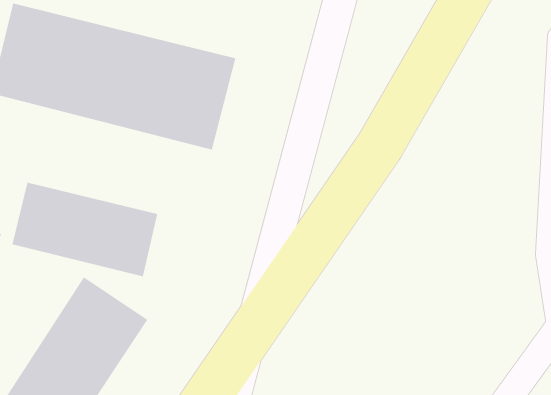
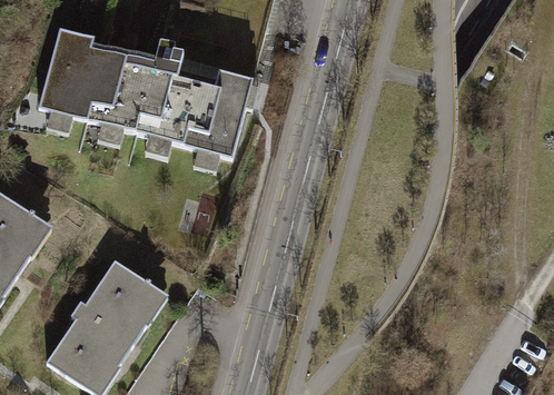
building: [12,182,158,277] -> none

